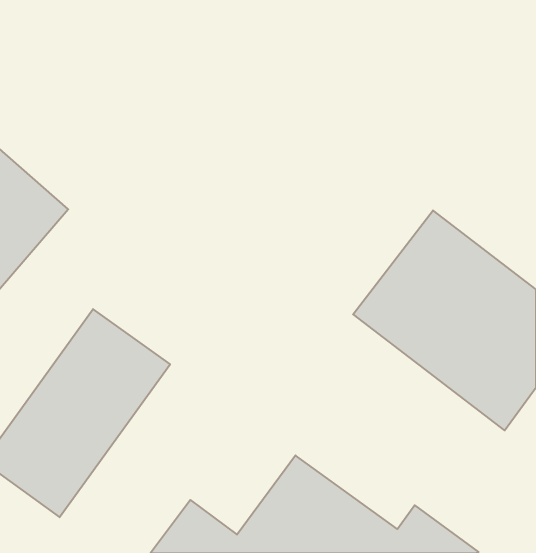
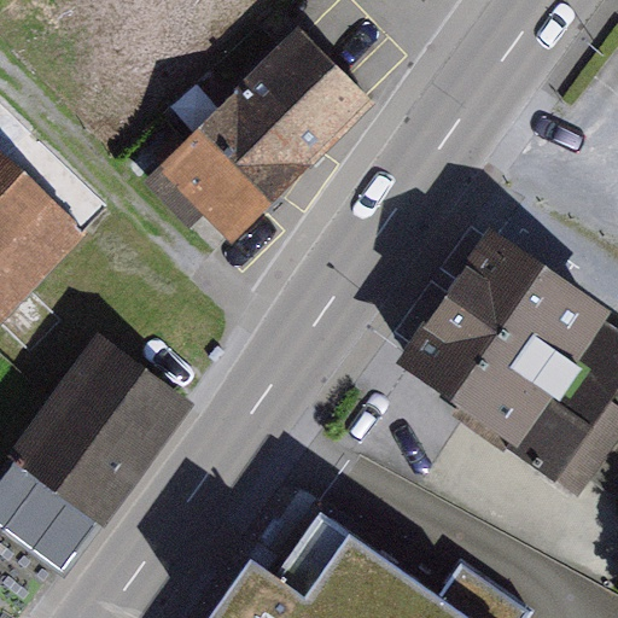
building: none -> [165,34,369,243]

